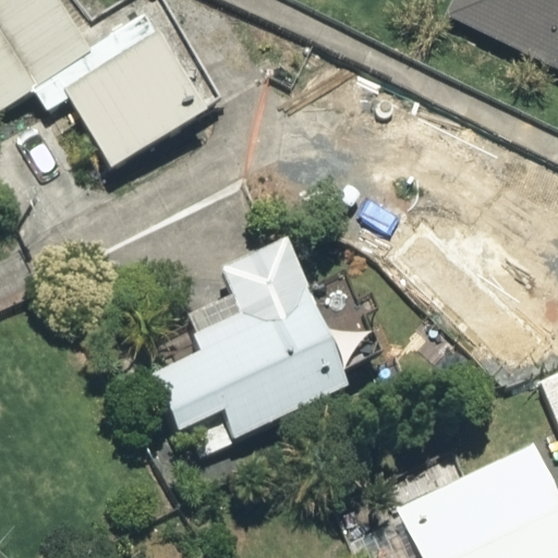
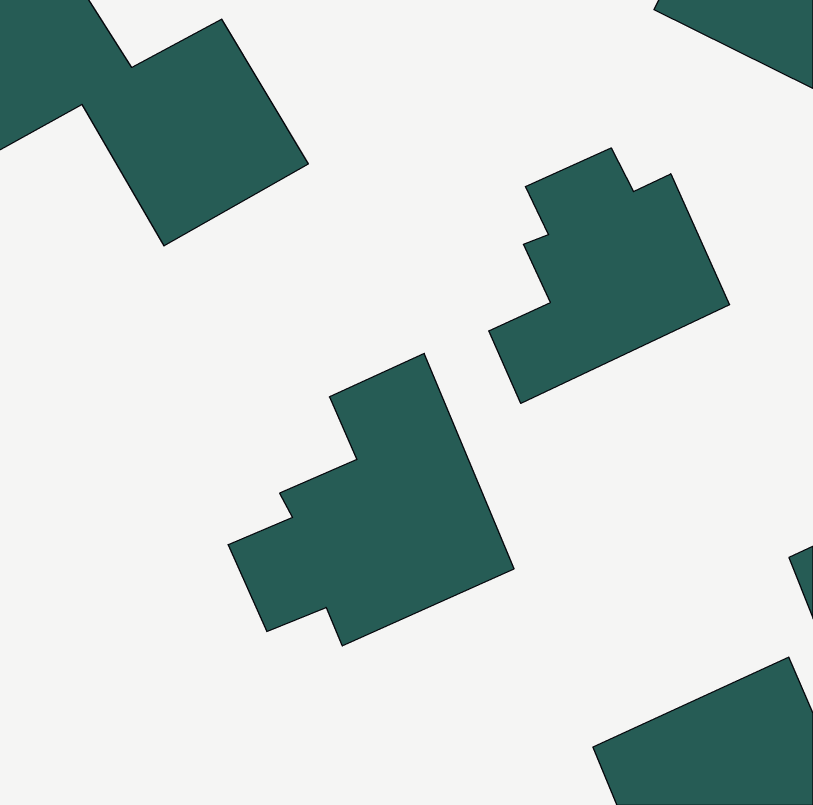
building: none -> [489,148,729,403]

